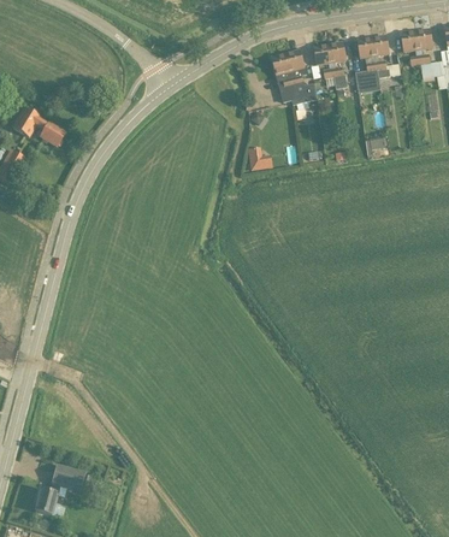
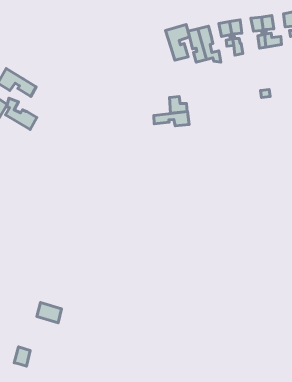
building: none -> [165,24,190,60]
building: none -> [5,98,37,129]
building: none -> [154,111,189,126]
building: [51,464,84,491] -> [37,303,62,323]

